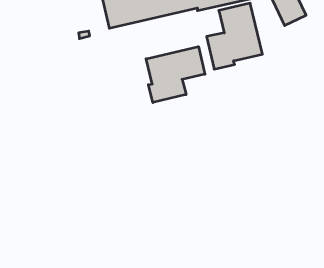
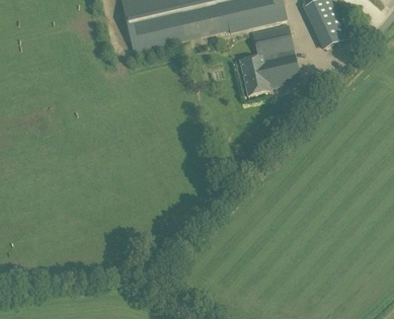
building: [146,47,205,103] -> none

